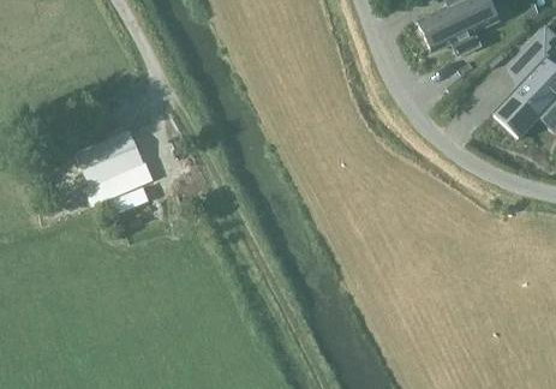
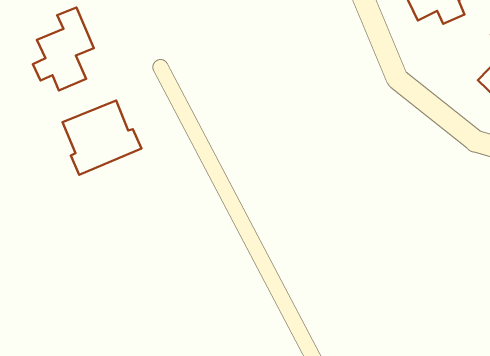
building: none -> [33,8,94,91]

